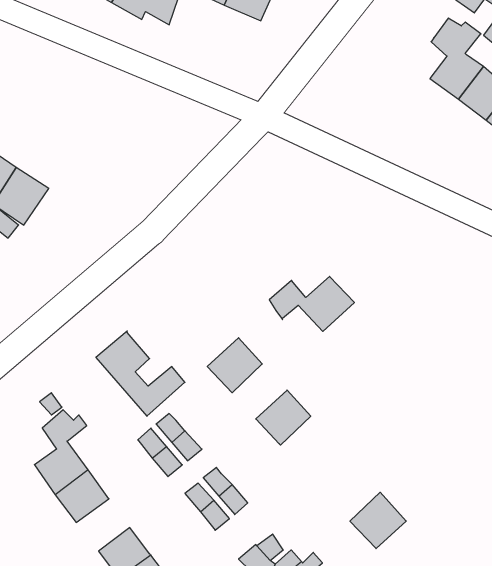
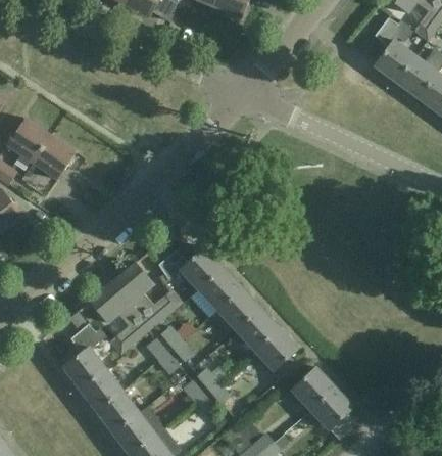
building: [269,276,354,331] -> [158,246,225,289]
building: none -> [90,282,153,354]
building: none -> [219,287,262,330]
building: none -> [247,328,300,372]
building: none -> [293,368,335,410]
building: none -> [98,393,140,434]

